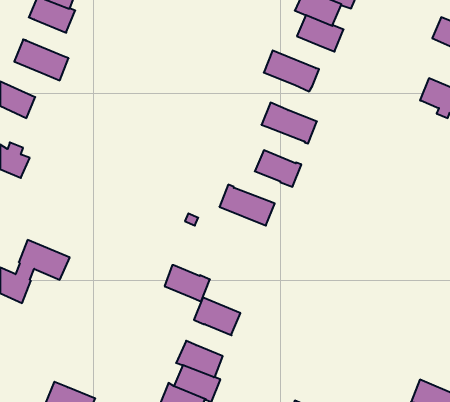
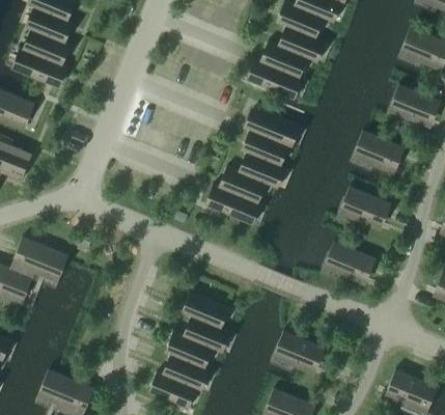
building: none -> [24,32,67,66]
building: none -> [260,44,303,78]
building: none -> [242,133,285,167]
building: none -> [357,134,404,170]
building: none -> [219,169,262,203]
building: none -> [344,190,391,226]
building: none -> [325,242,372,278]
building: [165,265,210,302] -> [184,317,226,352]
building: none -> [277,332,324,369]

